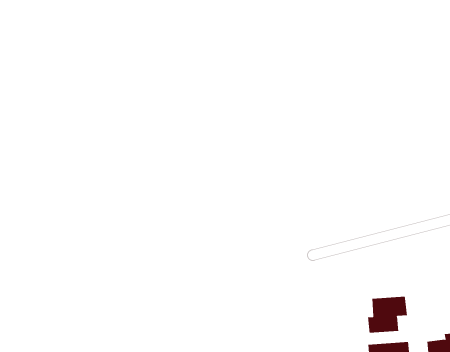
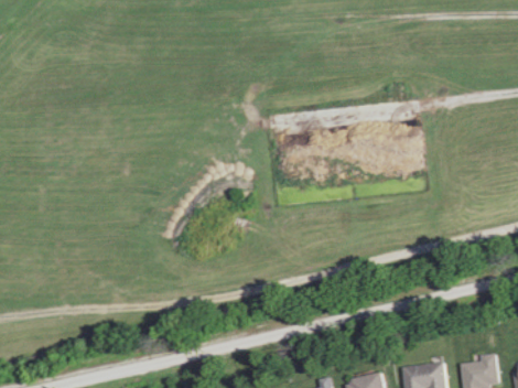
building: [368,296,408,333] -> none

